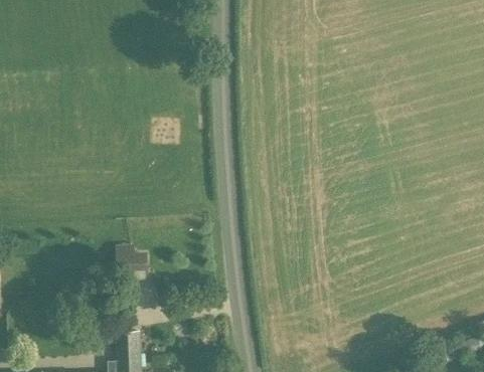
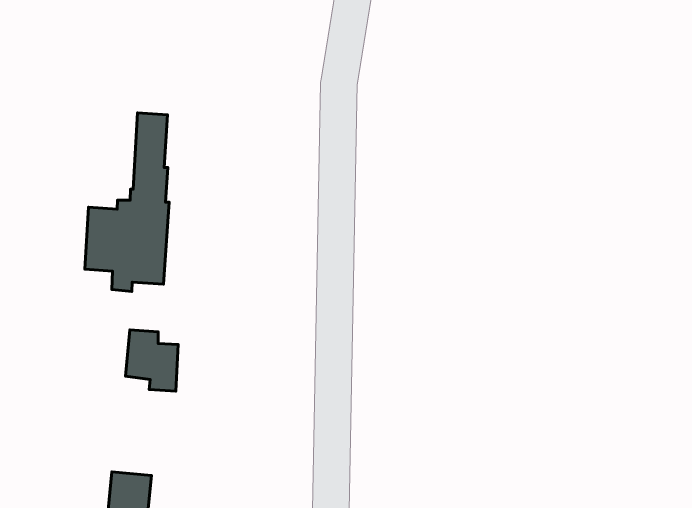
building: none -> [85,113,169,291]

